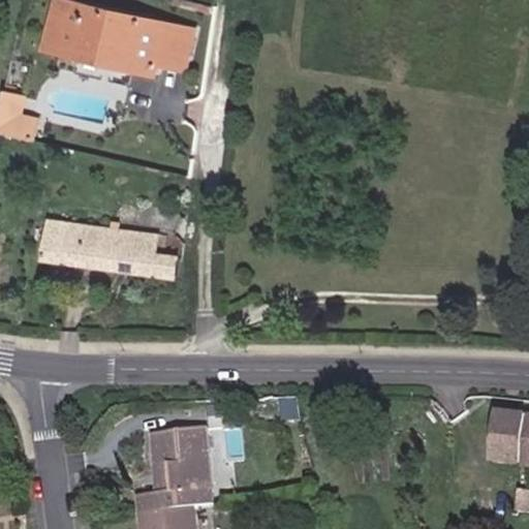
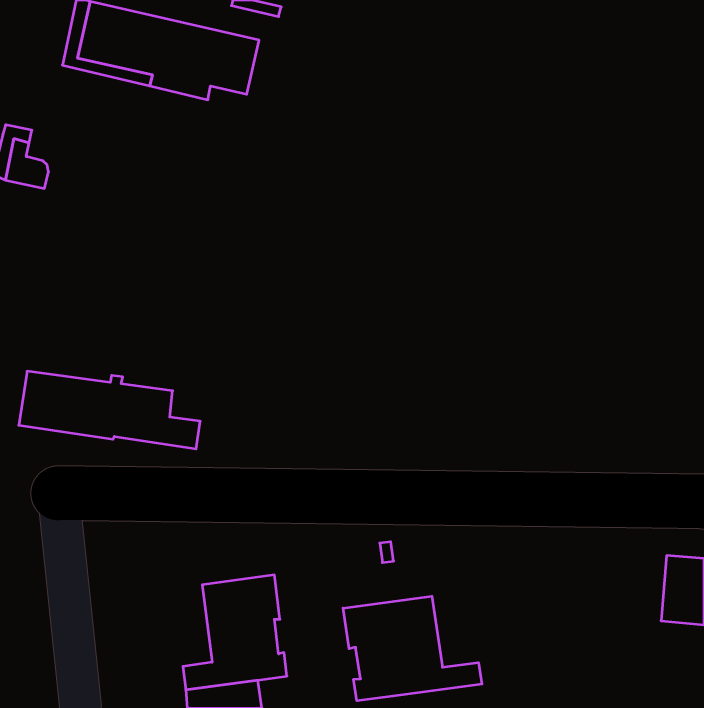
building: [42,220,178,278] -> [19,371,200,449]
building: none -> [343,596,482,701]

